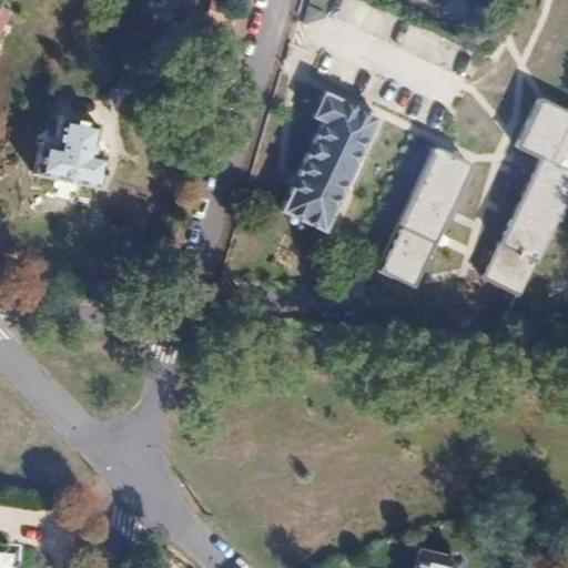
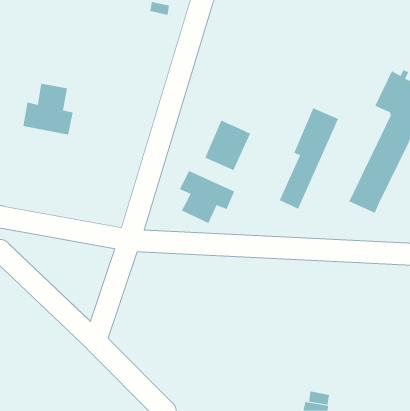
building: [307,99,375,183] -> none
building: none -> [179,170,235,224]

